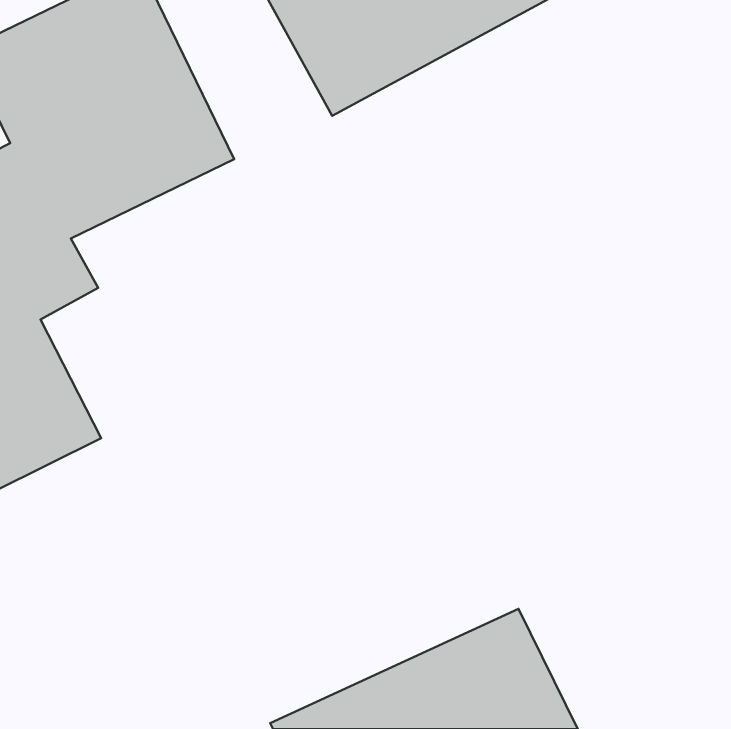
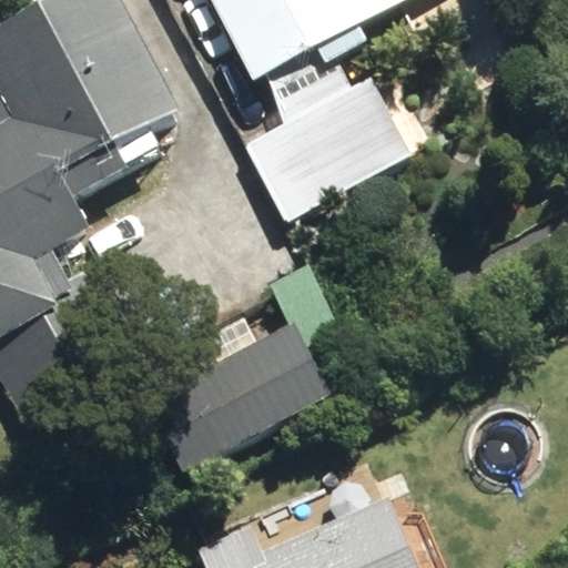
building: none -> [247,80,408,220]
building: none -> [152,331,332,469]

